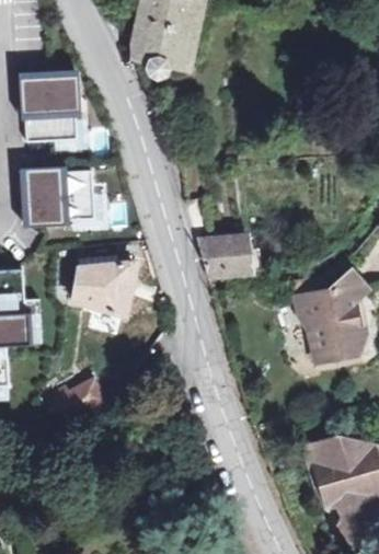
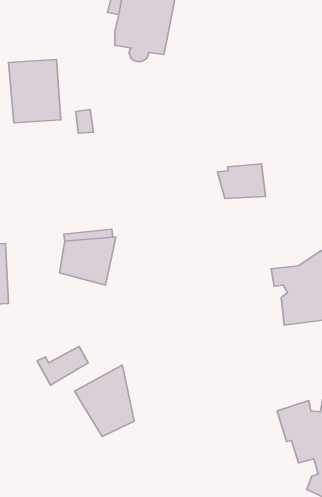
building: [23,166,90,224] -> none
building: [202,235,253,273] -> [218,164,266,198]
building: none -> [74,365,134,437]

